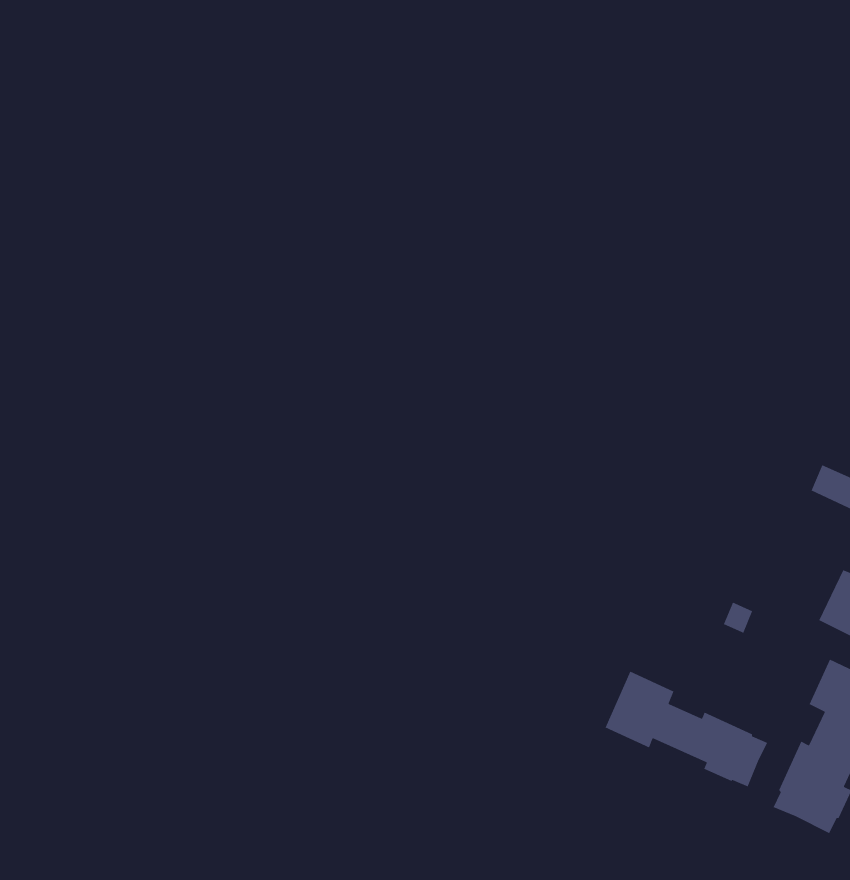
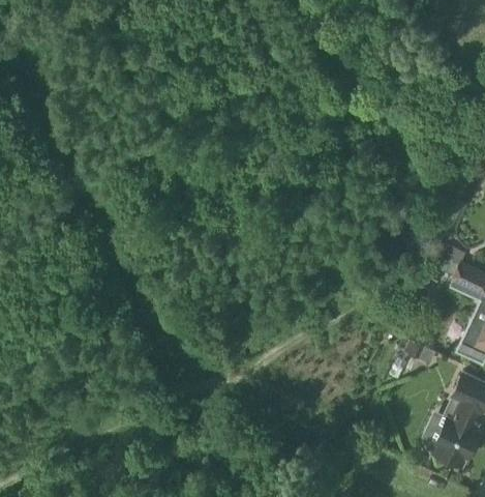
building: [605,670,768,788] -> none

